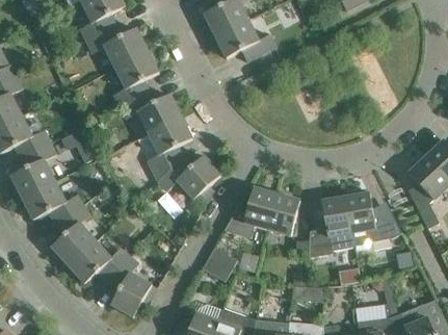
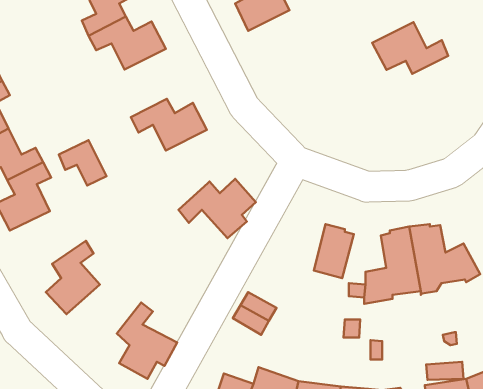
building: [215,20,276,61] -> [372,22,448,74]
building: [114,51,159,106] -> none
building: [137,117,193,181] -> none
building: [23,182,84,225] -> none
building: [225,188,278,237] -> none
building: [69,241,129,284] -> none

